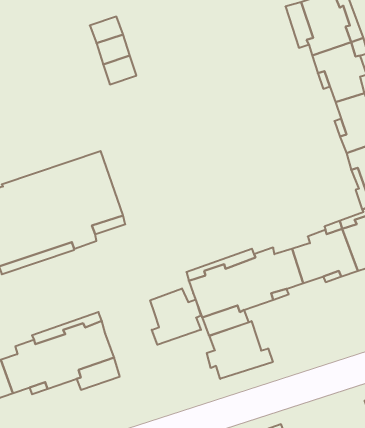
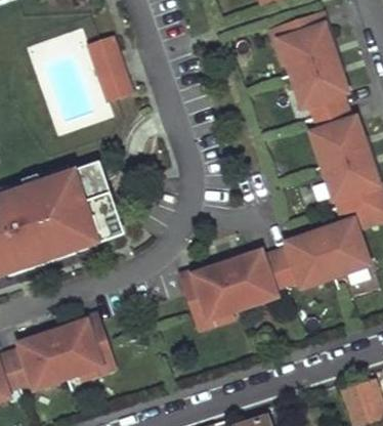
building: [150,288,201,345] -> none
building: [207,321,273,379] -> none

